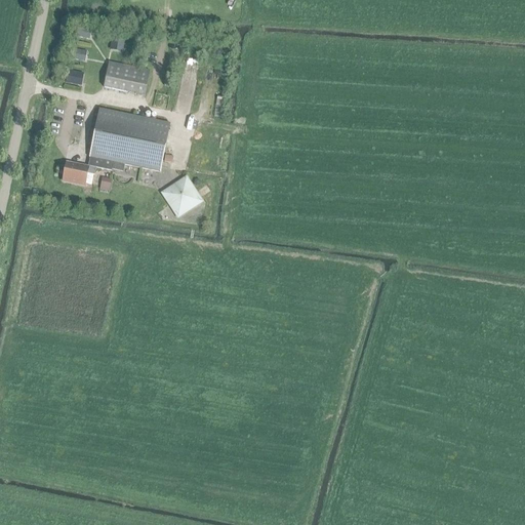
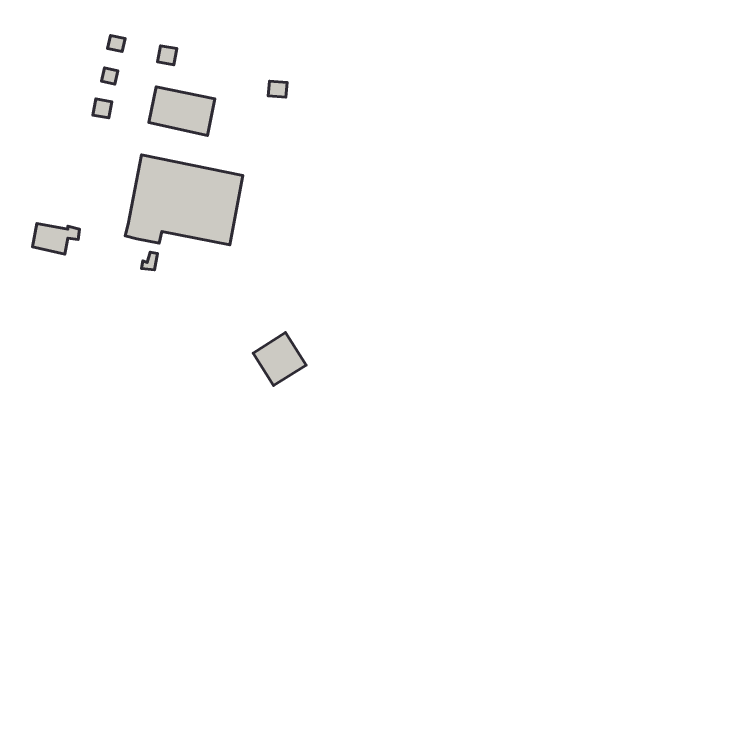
building: [63,162,95,184] -> [32,223,80,254]
building: [163,177,200,214] -> [253,333,306,386]

